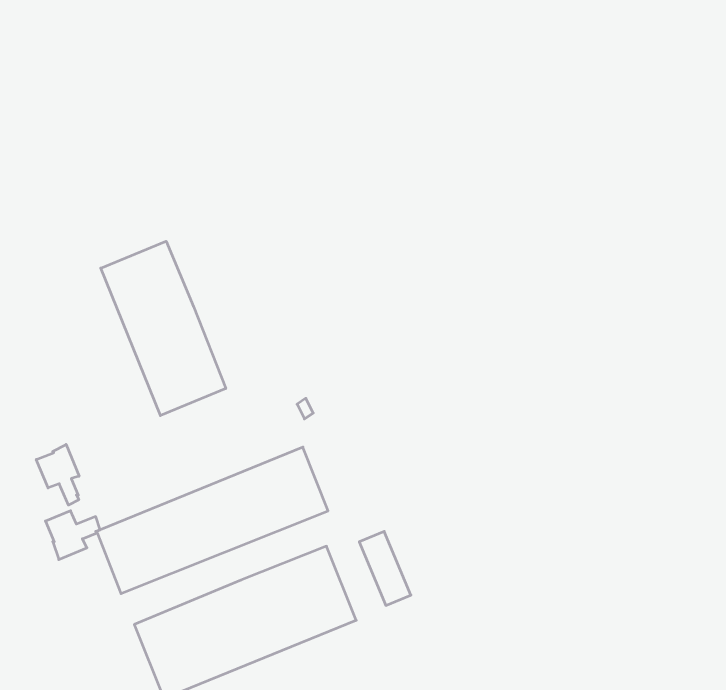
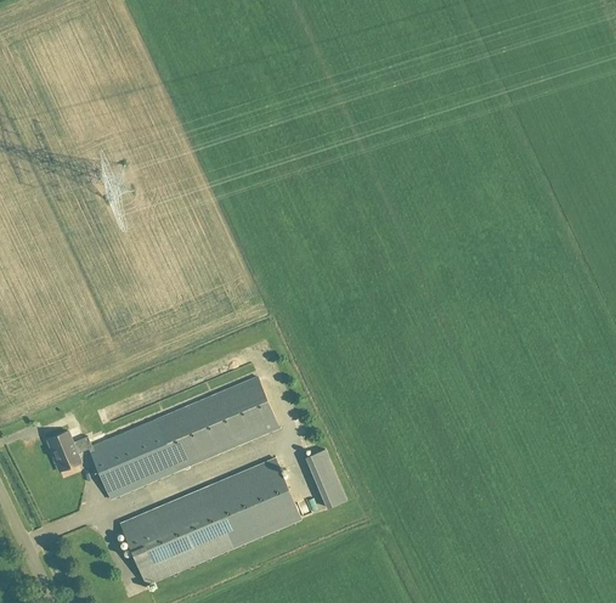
building: [101,241,226,416] -> none
building: [36,444,79,505] -> none

